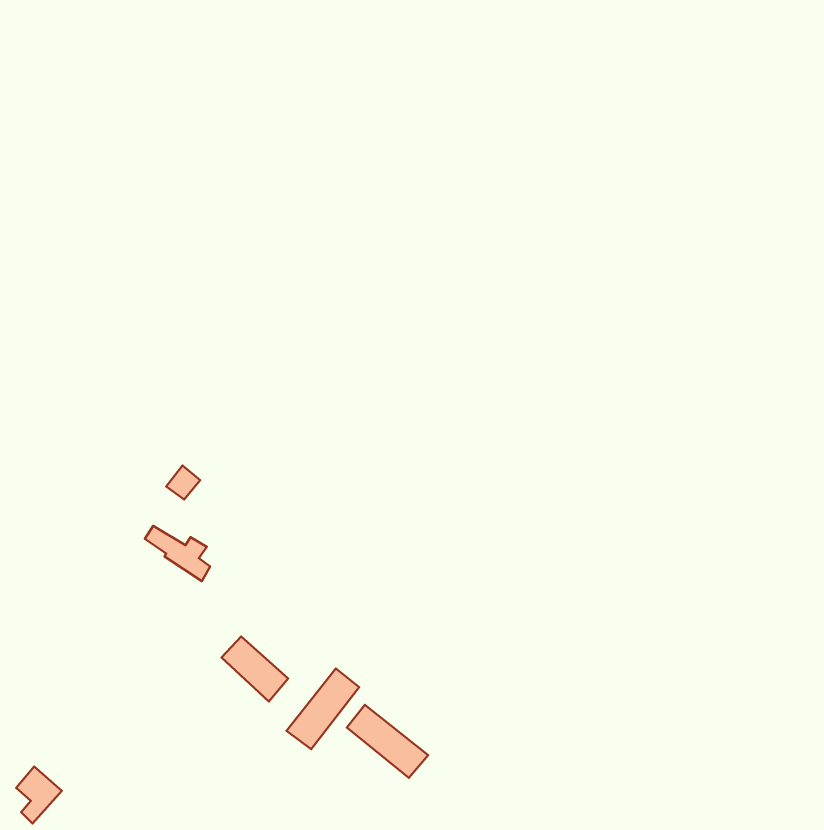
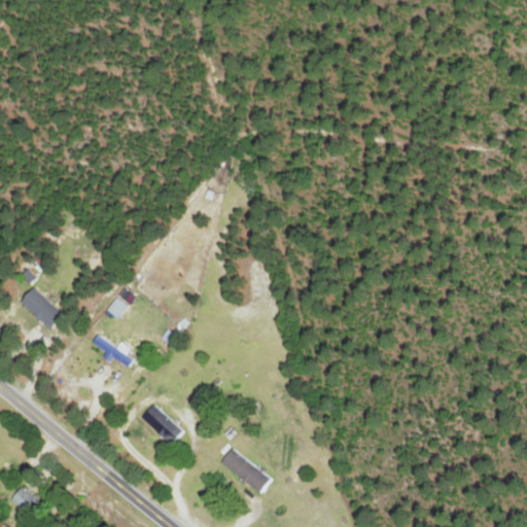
building: none -> [22,288,65,327]
building: [286,668,359,749] -> none

